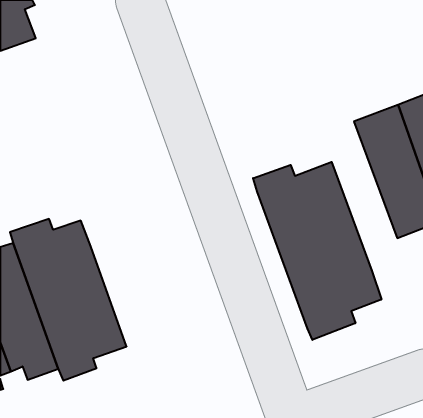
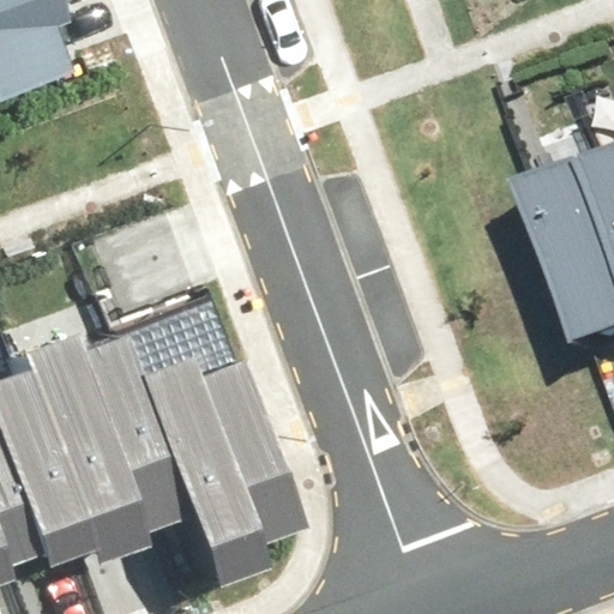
building: [253,162,381,340] -> none
building: none -> [134,347,301,580]

